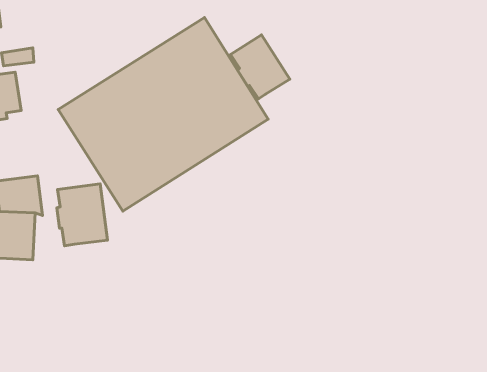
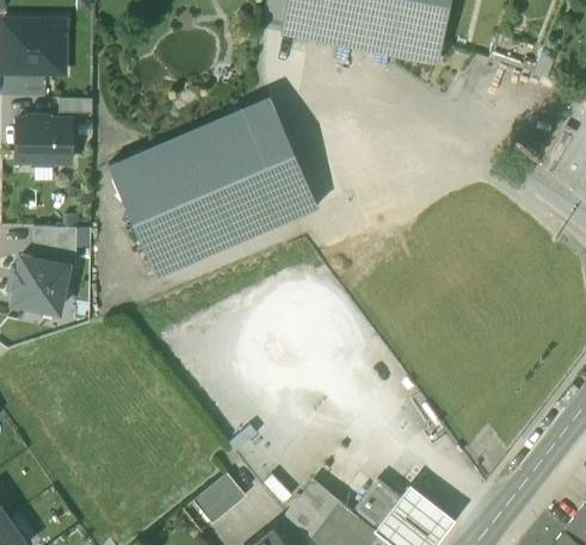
building: [230,35,290,99] -> none
building: [57,184,107,246] -> none

